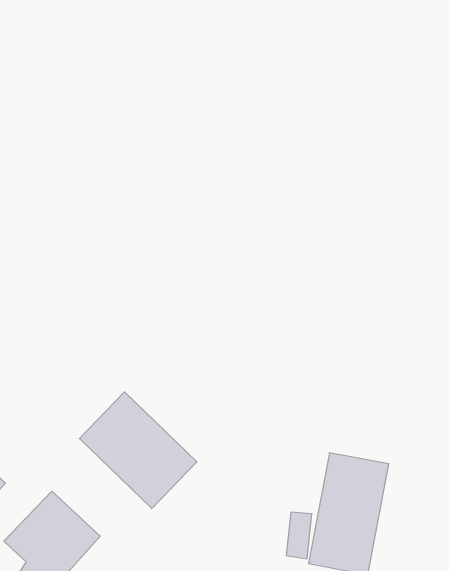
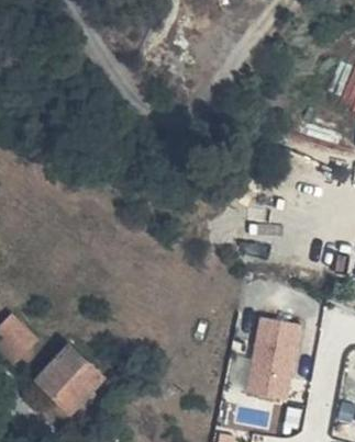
building: [79,392,197,509] -> none

